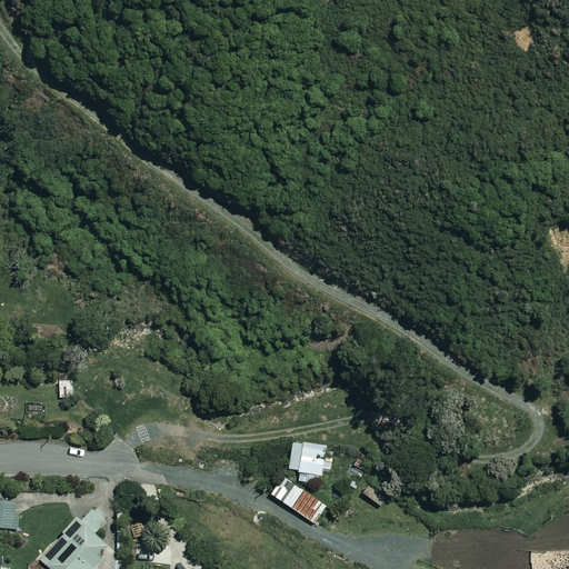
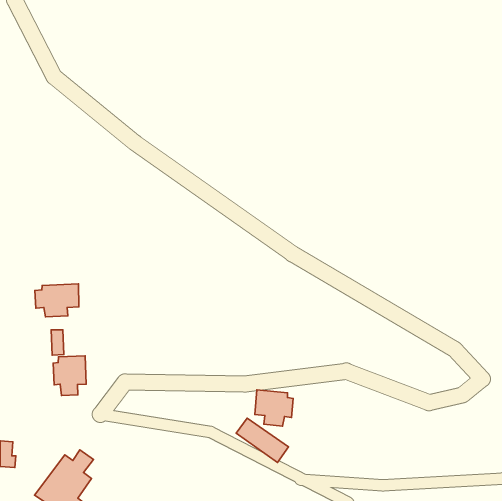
building: none -> [35,284,79,317]
building: none -> [53,356,86,396]

